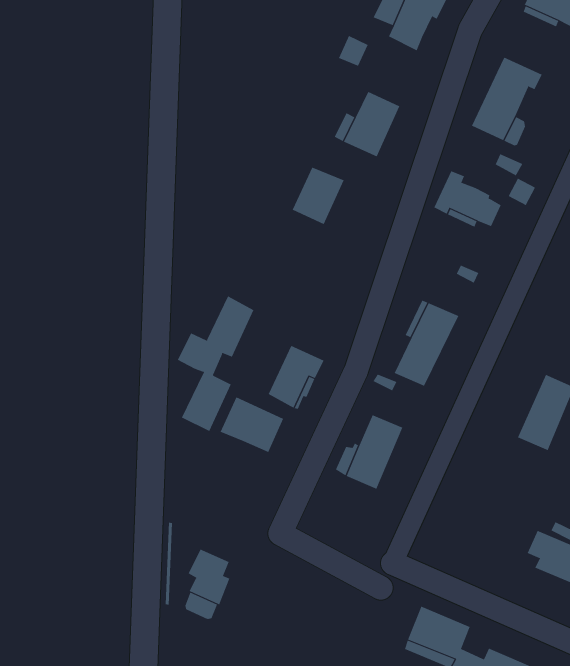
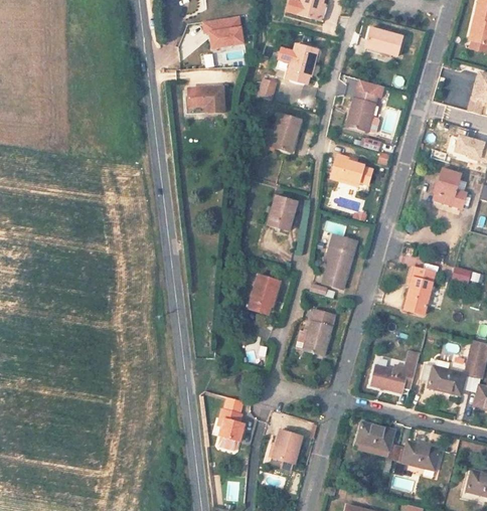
building: none -> [188,87,224,112]
building: [292,167,345,225] -> [268,195,297,229]
building: [177,296,254,432] -> none
building: [220,397,284,453] -> none
building: none -> [371,355,419,392]
building: none -> [273,429,302,463]

